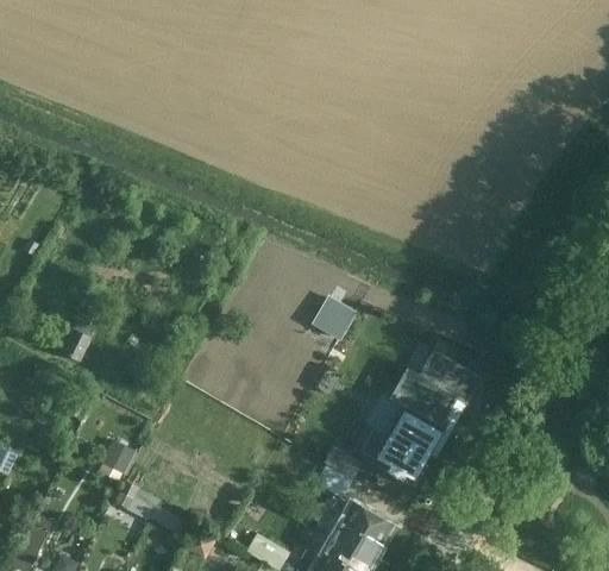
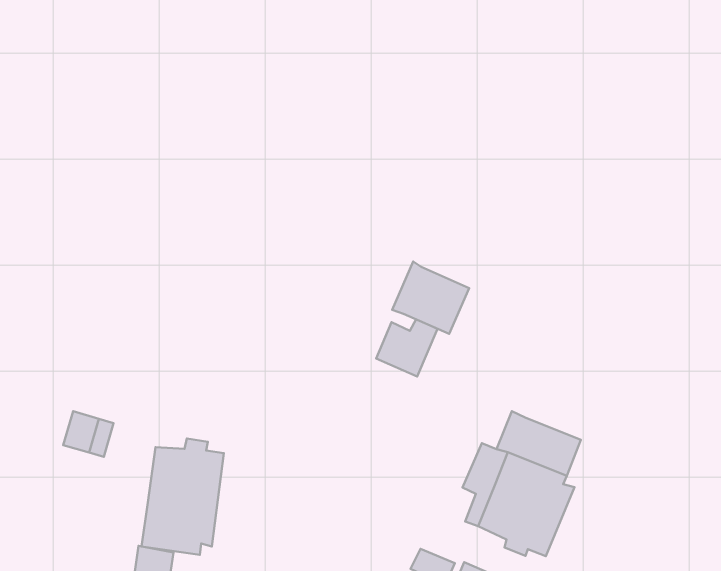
building: none -> [392,261,469,334]
building: [416,352,481,406] -> none
building: none -> [142,439,224,555]

